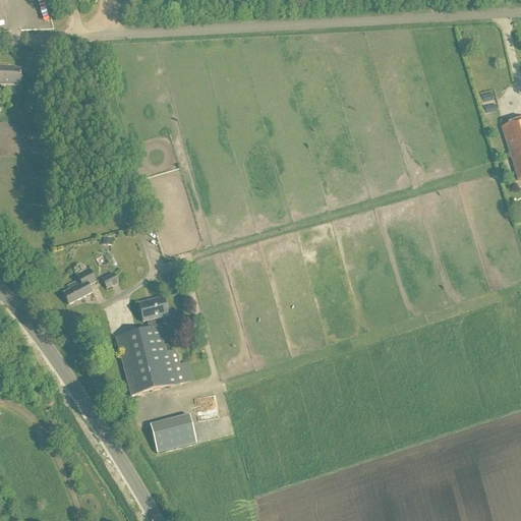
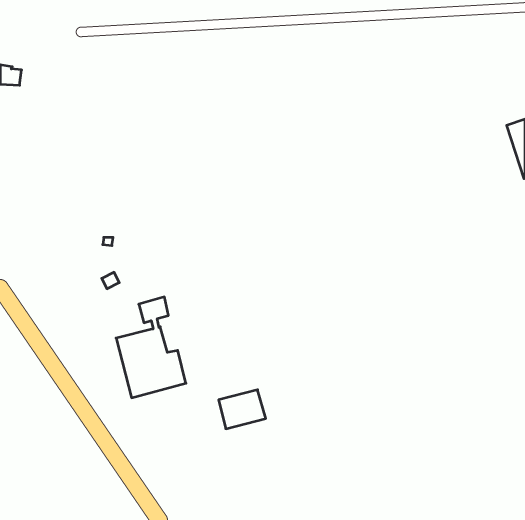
building: [63,266,97,301] -> none
building: [150,412,196,451] -> [219,390,266,429]

